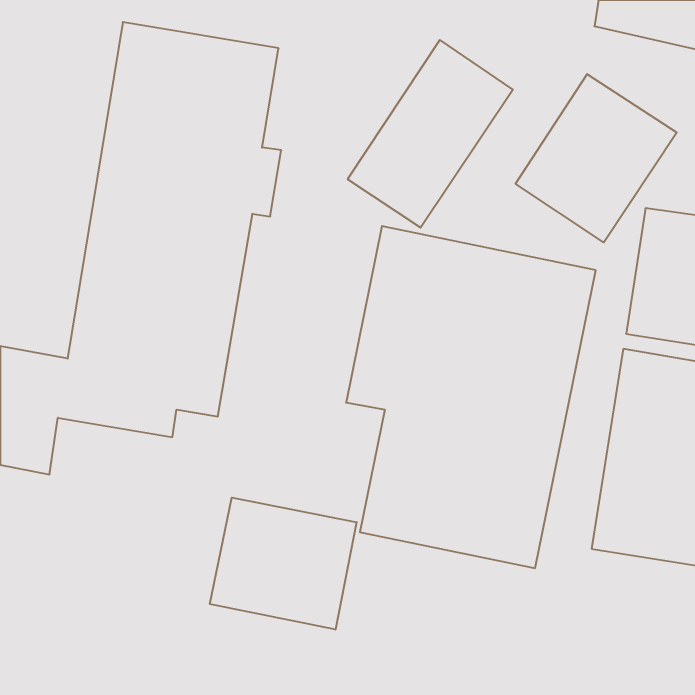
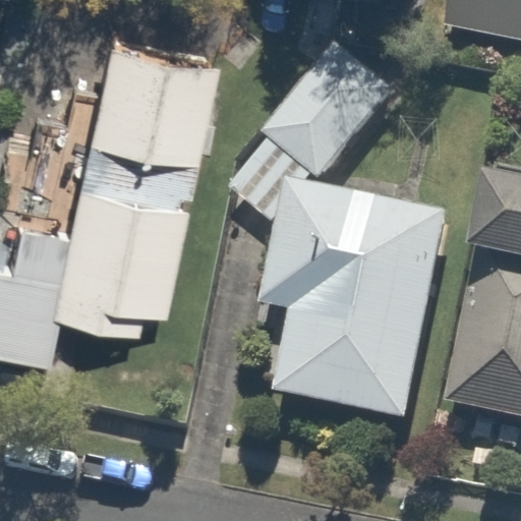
building: [516,74,677,242] -> none
building: [210,498,357,630] -> none

